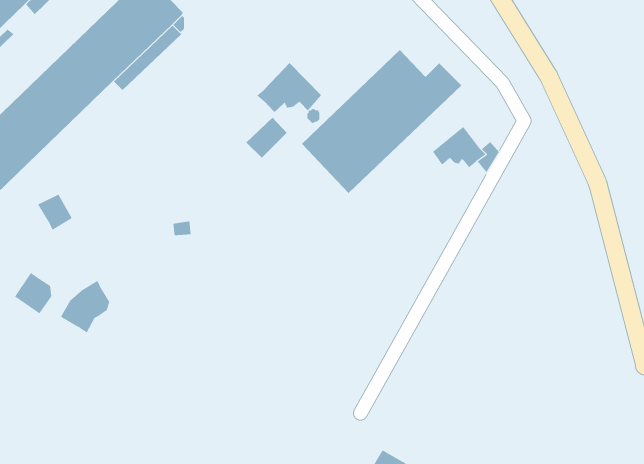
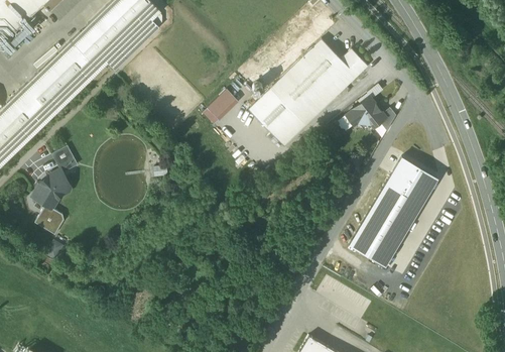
building: [256,62,322,113] -> none
building: none -> [355,153,441,265]
building: [60,280,110,333] -> [30,168,68,208]

